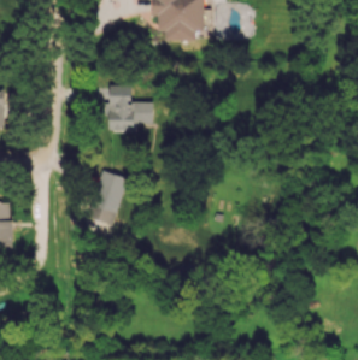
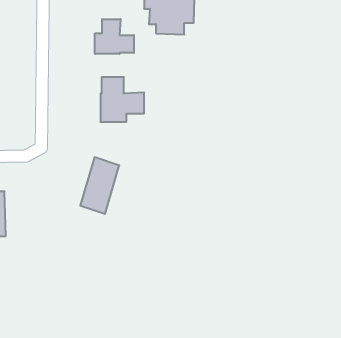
building: none -> [95,19,134,54]

